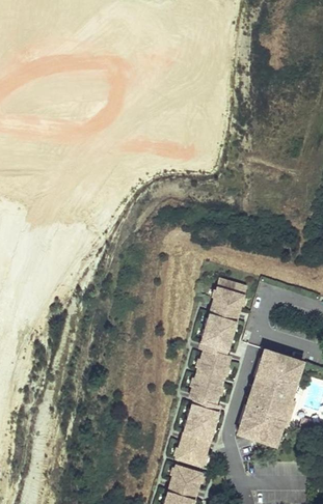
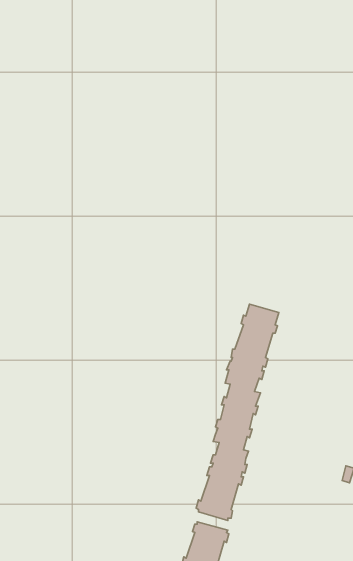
building: [238,348,302,444] -> none

